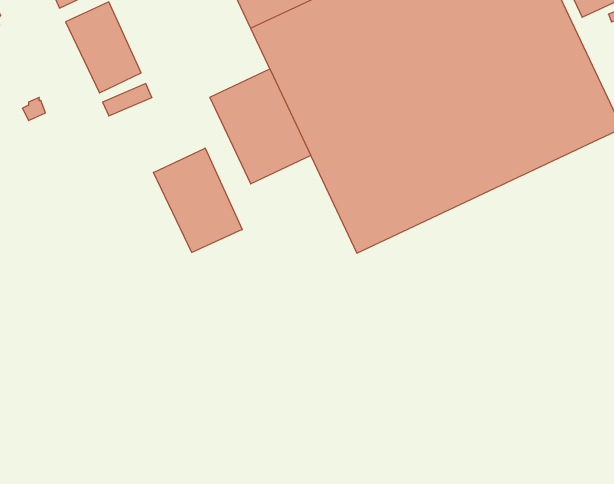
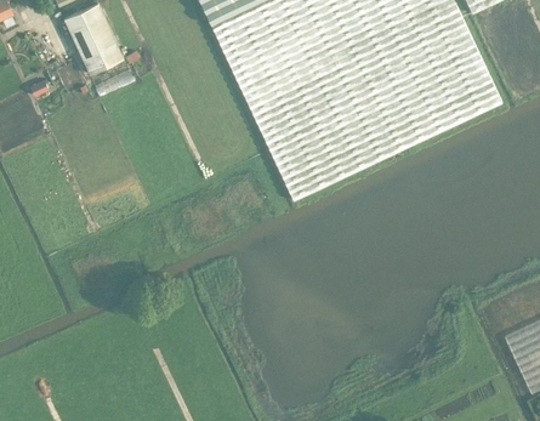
building: [210,69,311,184] -> none
building: [153,148,242,252] -> none

